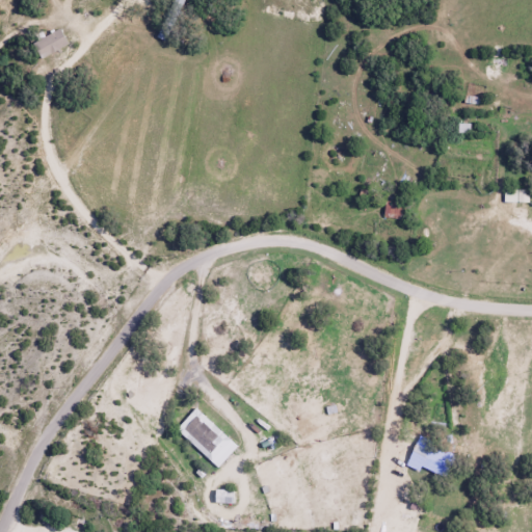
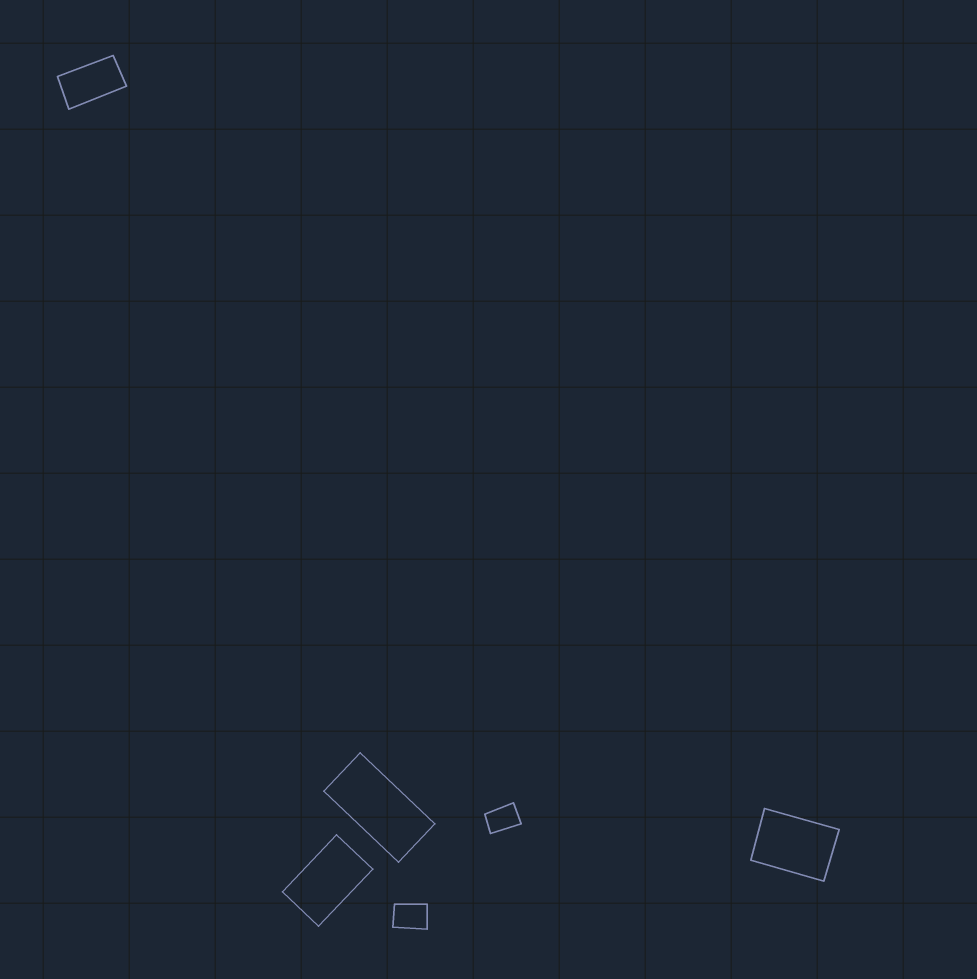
building: none -> [282,835,373,926]

